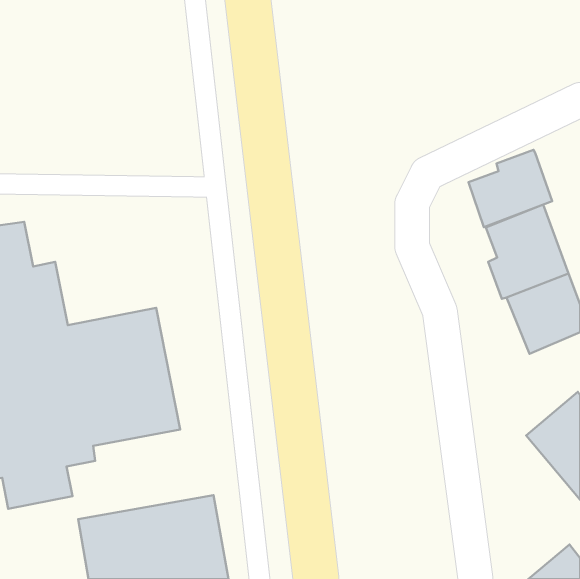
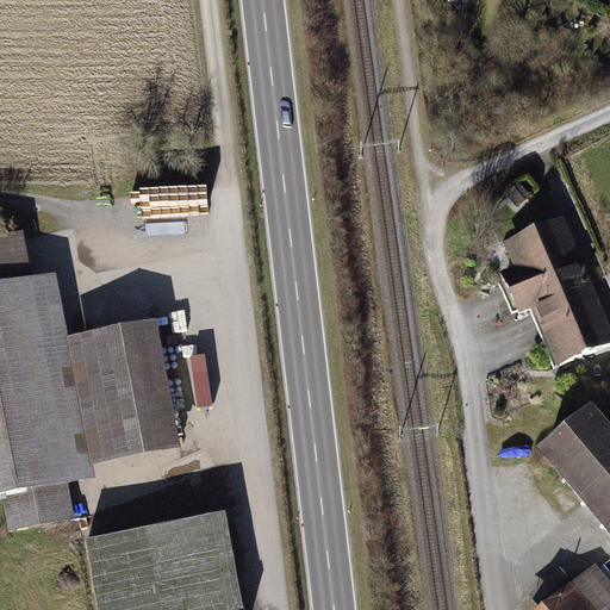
building: [468,150,552,227] -> none

